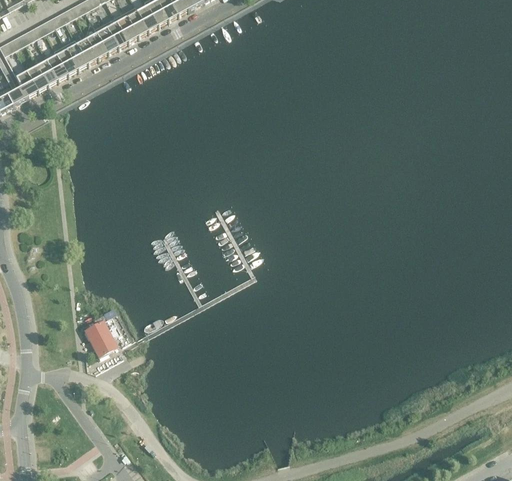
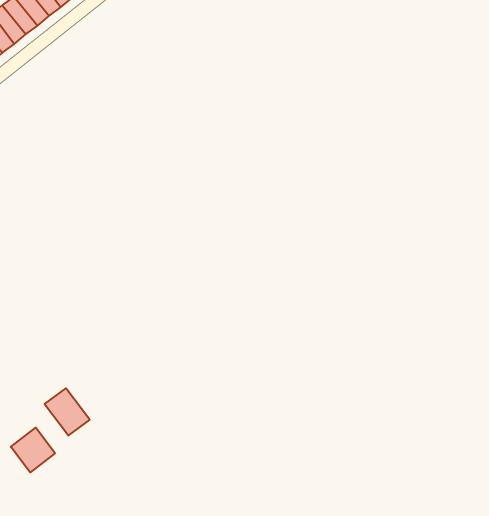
building: none -> [11,428,55,472]

